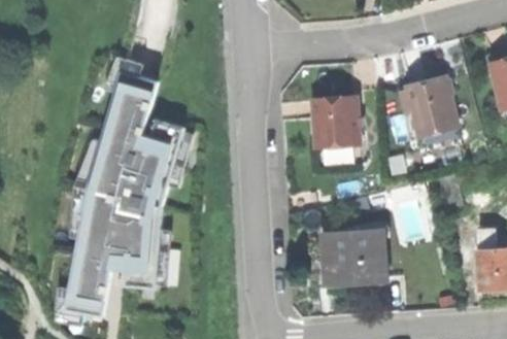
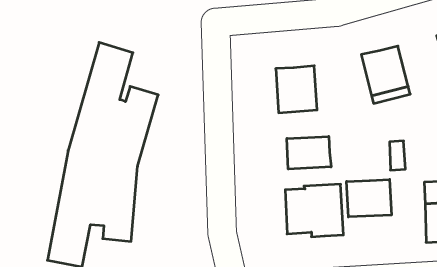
building: none -> [287,136,331,169]
building: none -> [347,179,391,217]

